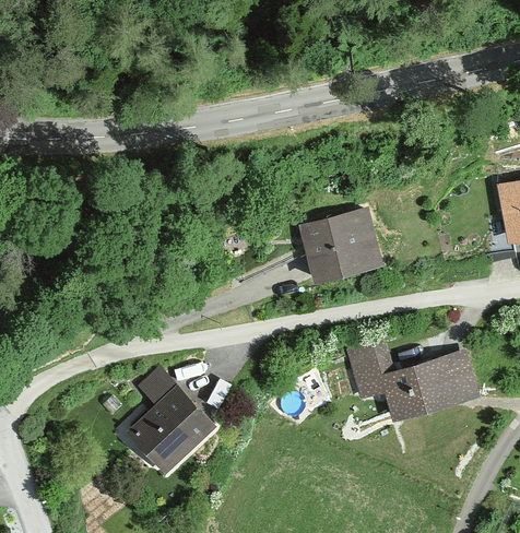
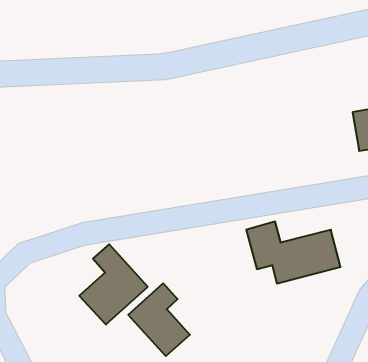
building: [286,209,378,288] -> none
building: none -> [128,283,190,356]

